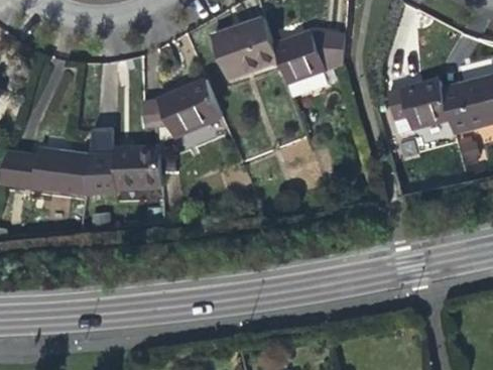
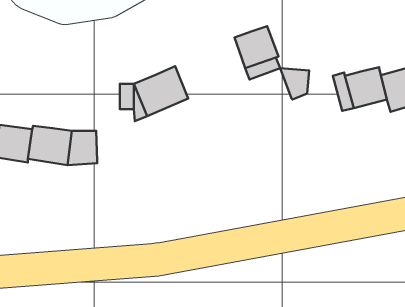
building: [215,19,279,78] -> none
building: [312,33,345,70] -> [280,68,309,99]
building: [115,147,160,189] -> none

